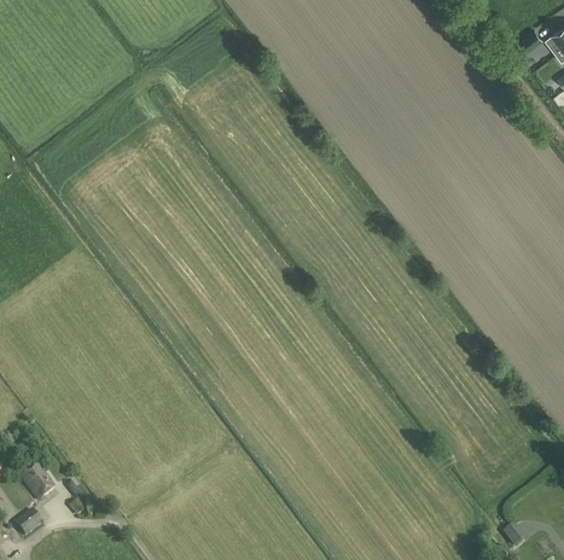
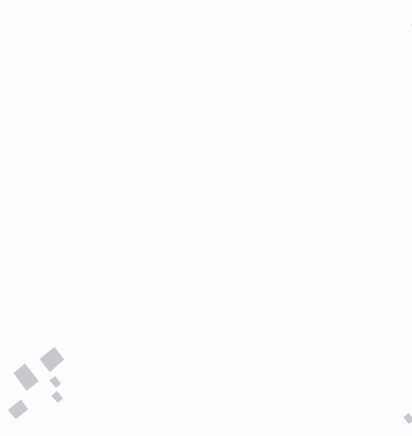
building: none -> [38,346,65,373]

